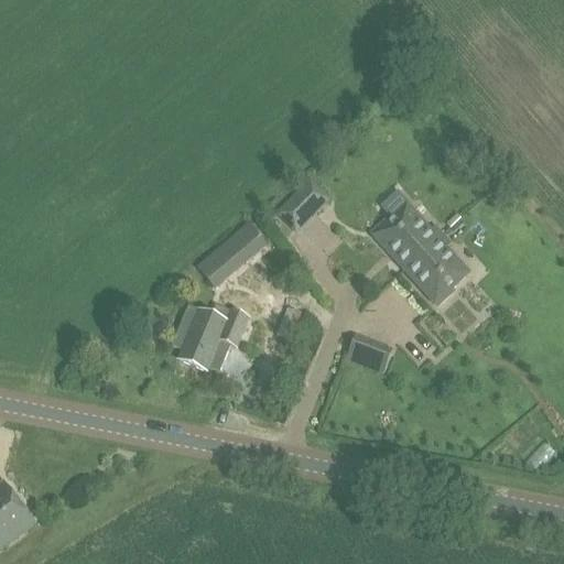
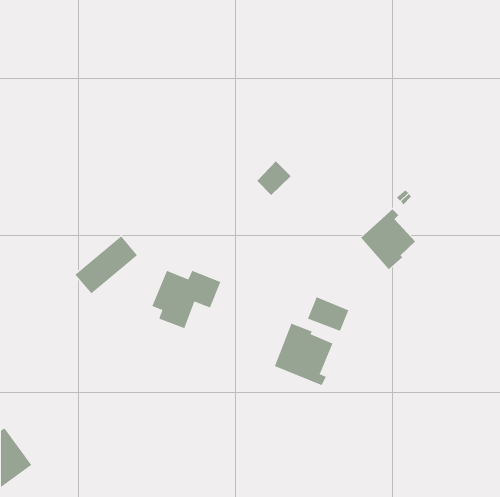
building: [372,205,442,268] -> none
building: [196,223,268,289] -> [74,236,138,294]
building: none -> [274,323,333,386]

